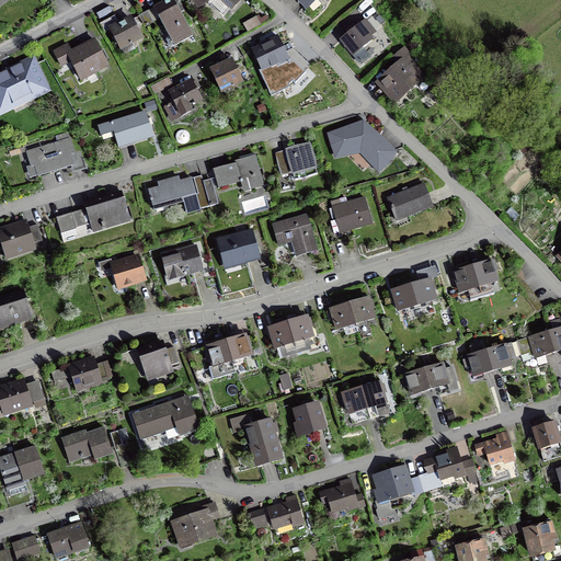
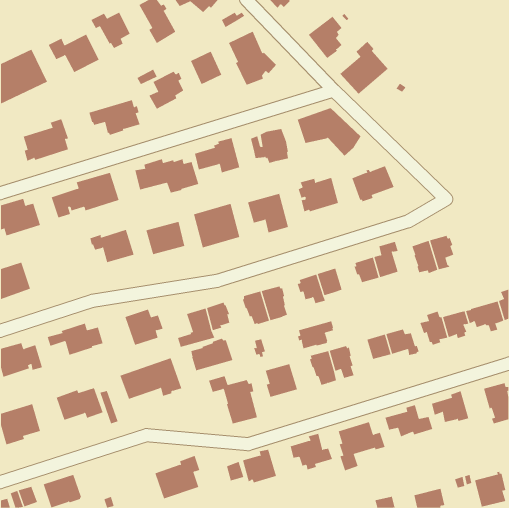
building: none -> [297,320,334,349]
building: none -> [191,338,233,371]

